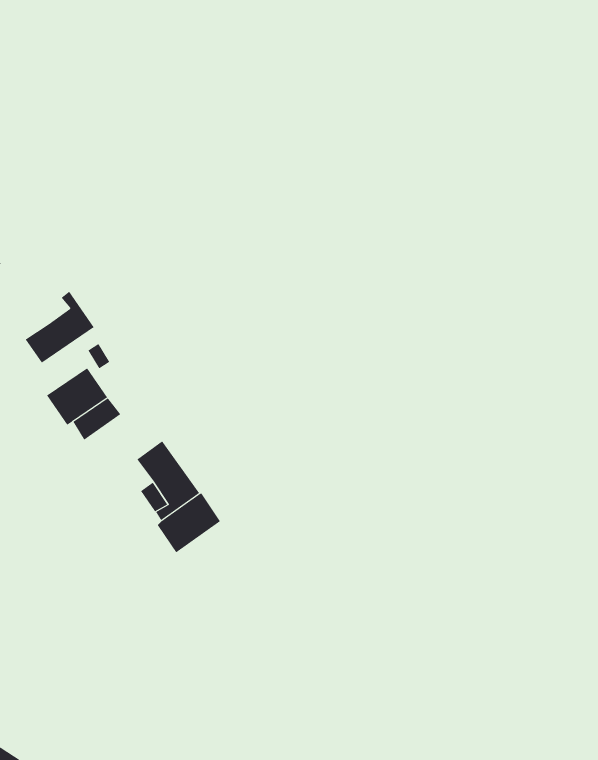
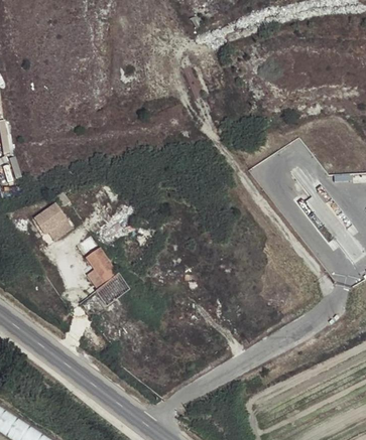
building: [25,291,94,364] -> none

